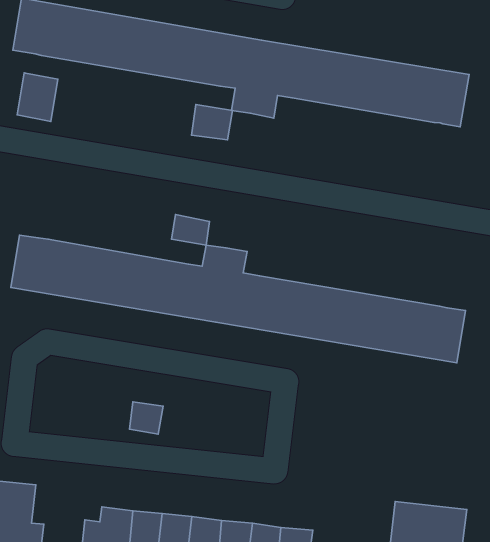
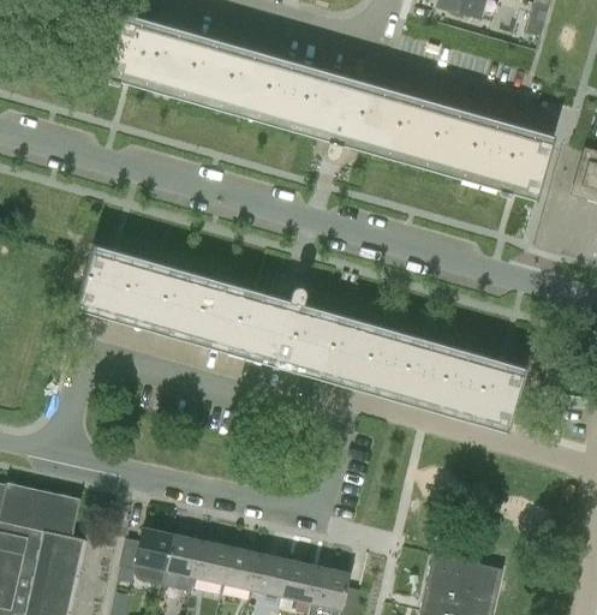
building: [17,73,58,121] -> none
building: [192,104,233,140] -> none
building: [172,215,210,245] -> none
building: [129,402,163,434] -> none

